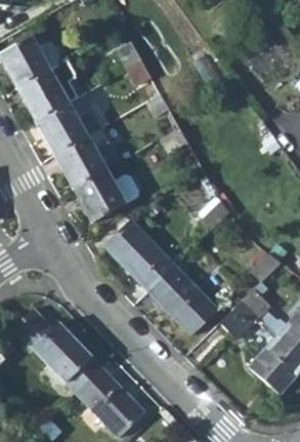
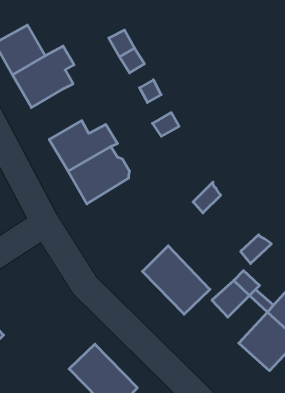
building: [35,102,101,154] -> none
building: [105,217,176,290] -> none
building: [11,307,100,391] -> none

